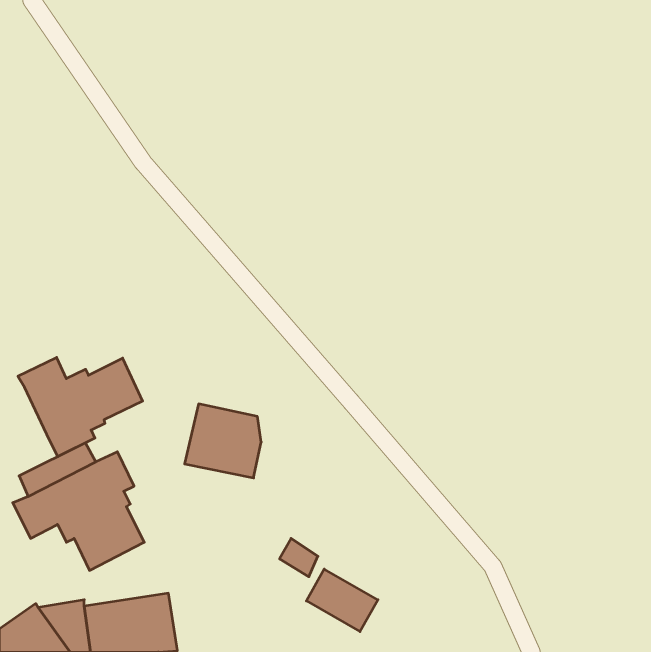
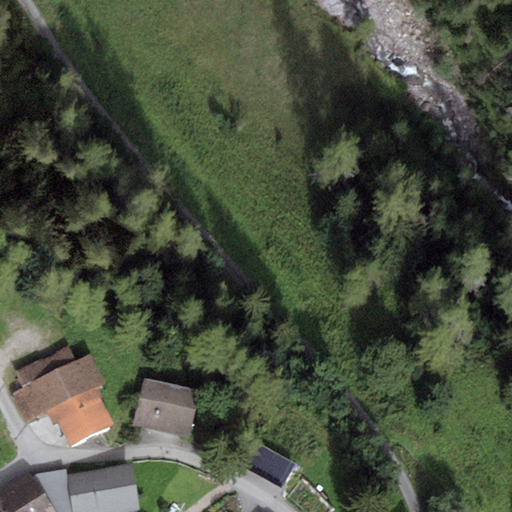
building: [18,357,143,457] -> none
building: [185,404,261,478] -> [133,379,193,437]

